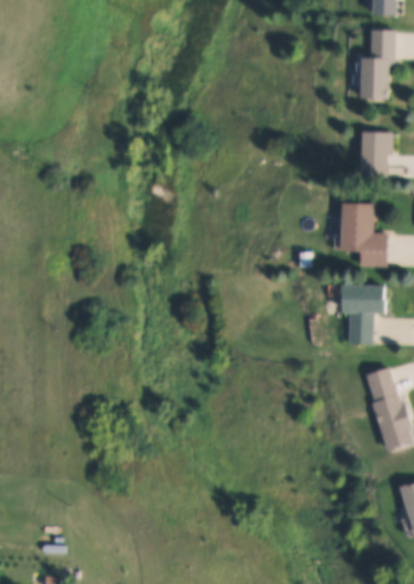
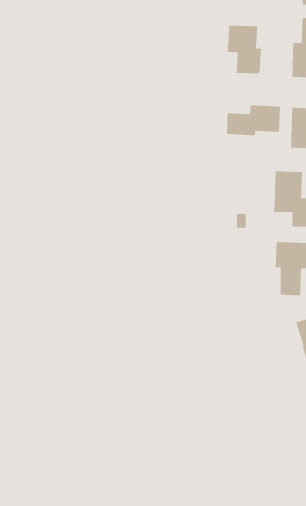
building: none -> [227,25,262,74]
building: none -> [227,104,280,136]

